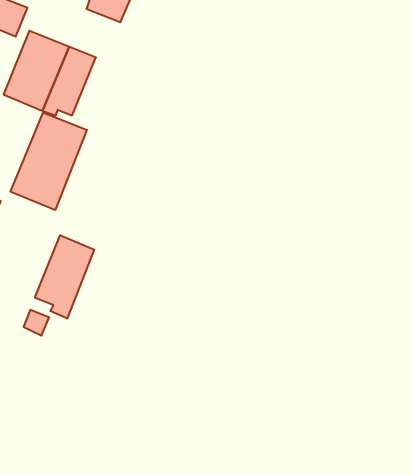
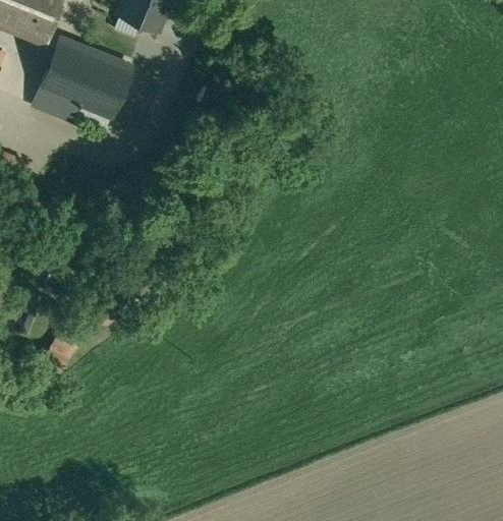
building: [11,113,87,210] -> none
building: [35,235,94,319] -> none

